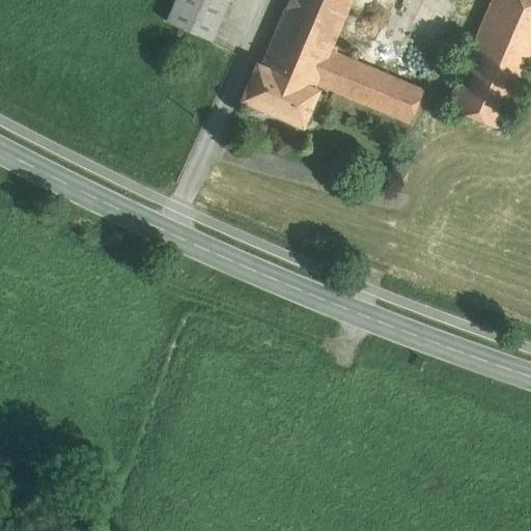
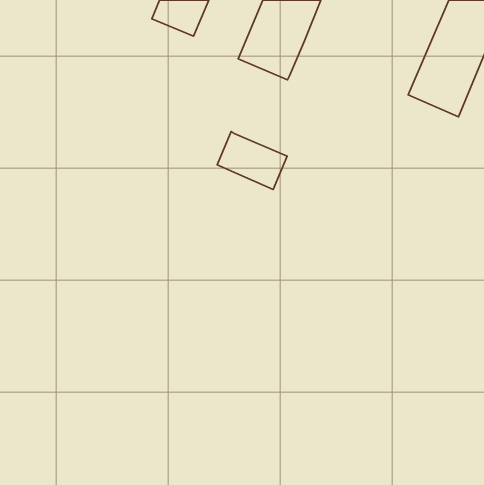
building: [317,45,424,122] -> none
building: [243,62,319,125] -> [217,132,287,190]

